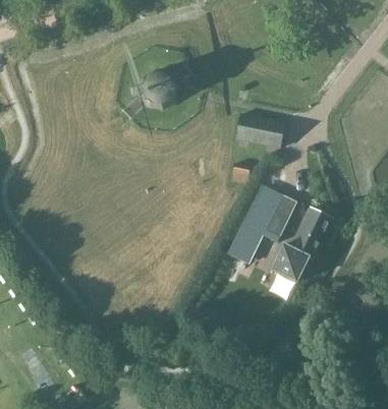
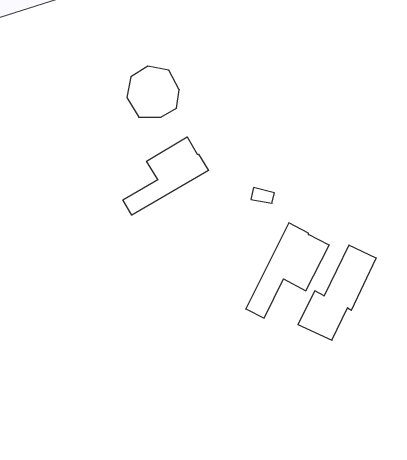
building: [235,111,284,145] -> none
building: none -> [123,137,209,215]

